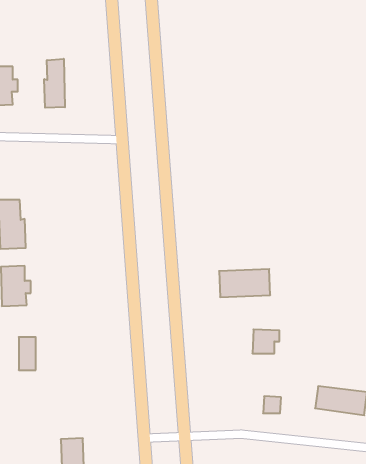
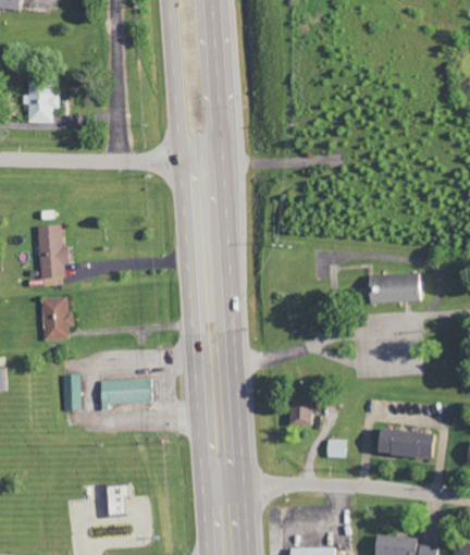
building: [44,59,65,108] -> none
building: [219,269,270,297] -> [369,273,424,304]
building: [252,329,279,353] -> [287,399,317,425]
building: none -> [99,378,152,406]

